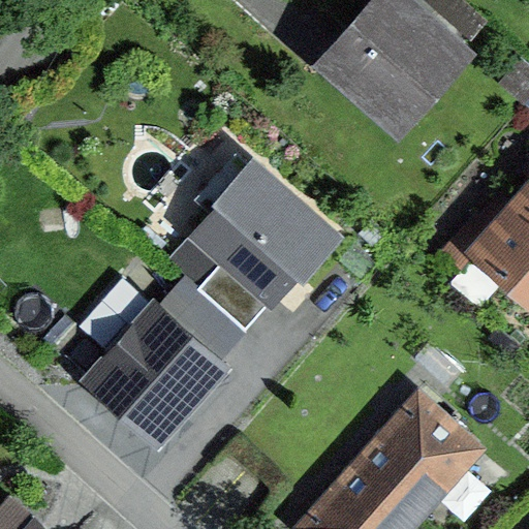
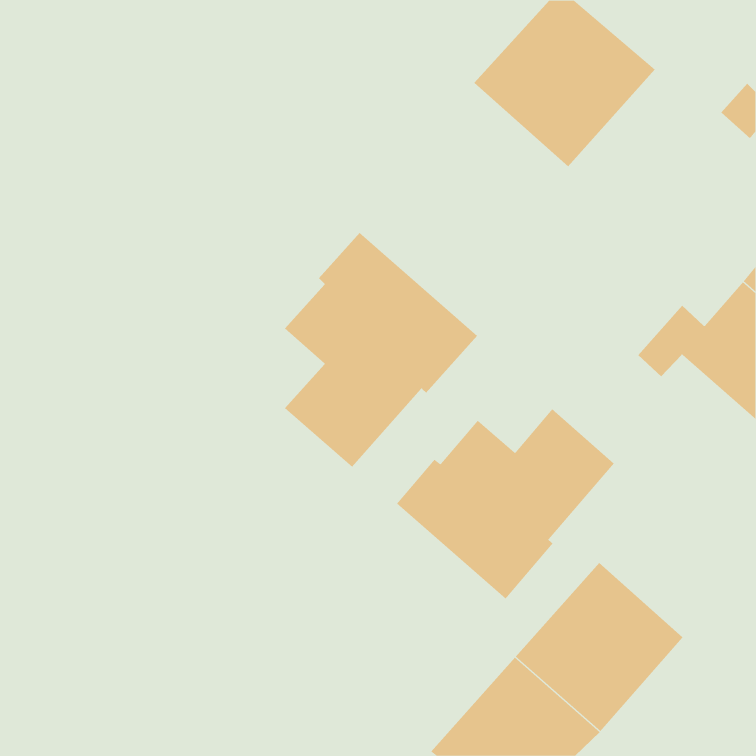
building: none -> [396,409,615,599]
building: [91,304,222,436] -> none

